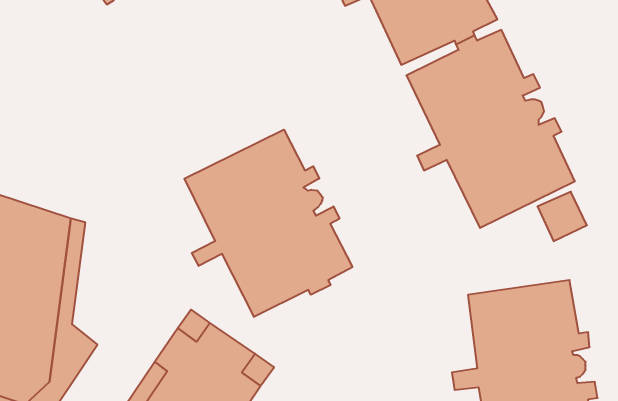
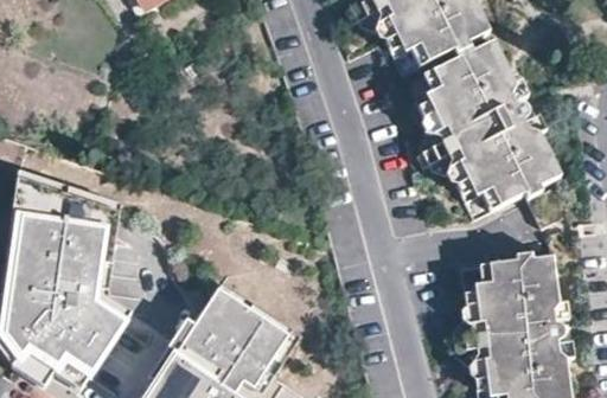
building: [184,130,352,317] -> none

